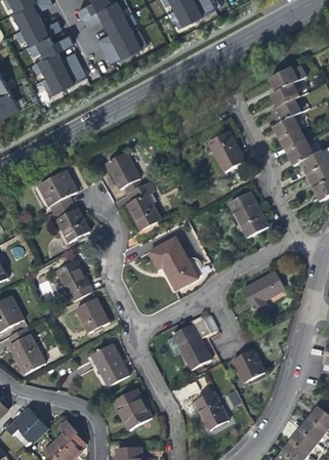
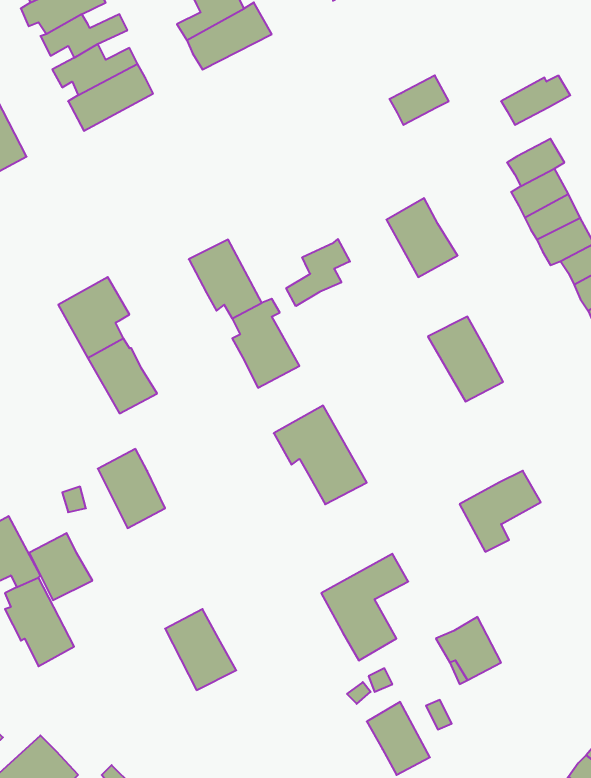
building: [266,83,297,109] -> [389,75,449,125]
building: none -> [286,239,350,306]
building: [76,297,109,332] -> [29,533,92,600]
building: [113,388,148,424] -> none

